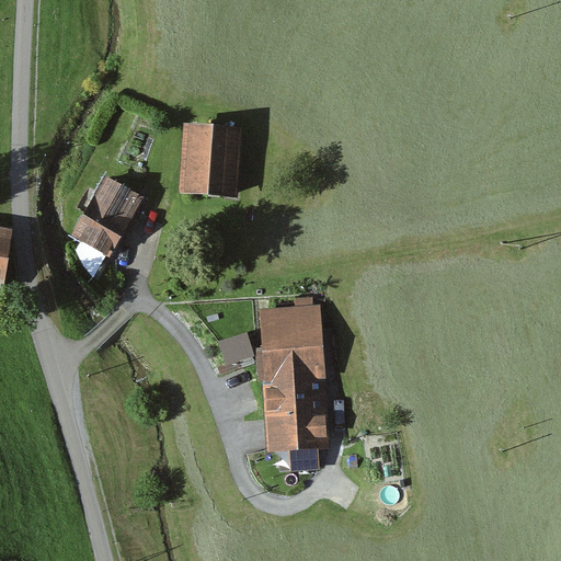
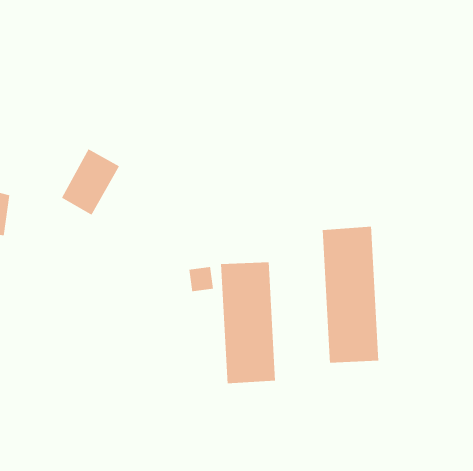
building: [181,126,239,194] -> none
building: none -> [322,226,379,364]

